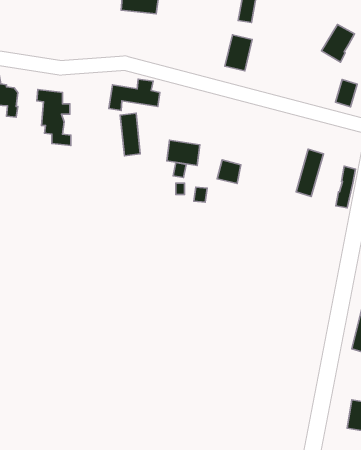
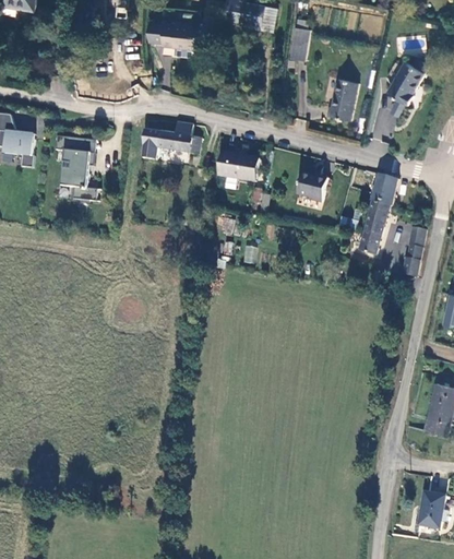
building: [225,35,252,71] -> [326,74,358,116]
building: [335,79,357,107] -> [371,177,396,209]
building: [120,113,140,156] -> none
building: [167,140,200,166] -> [218,151,256,180]
building: [217,160,241,184] -> [298,169,325,197]

